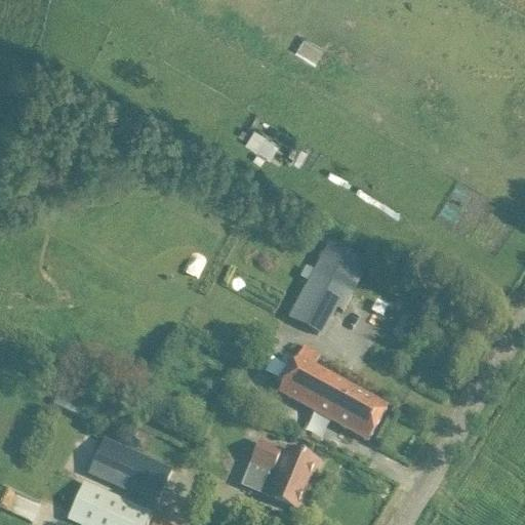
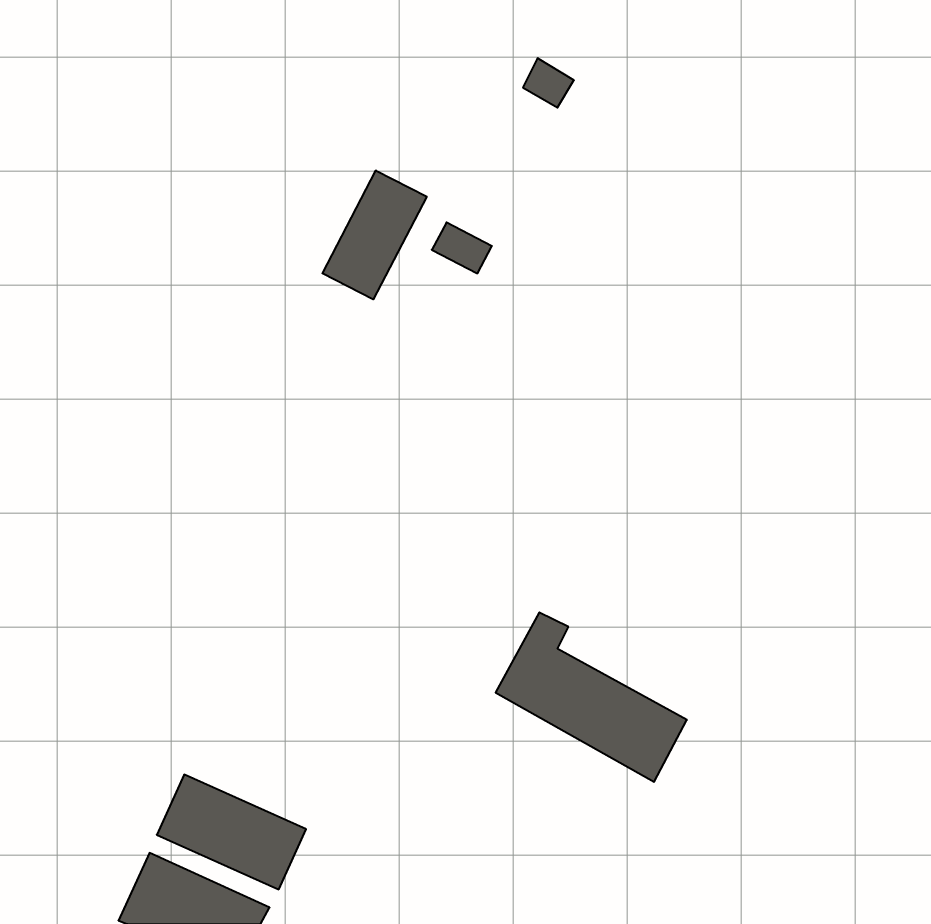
building: none -> [322,170,427,299]
building: [287,238,369,333] -> none
building: [246,438,320,507] -> none

